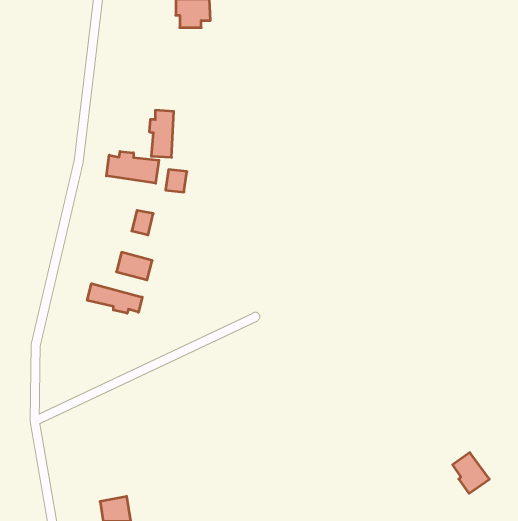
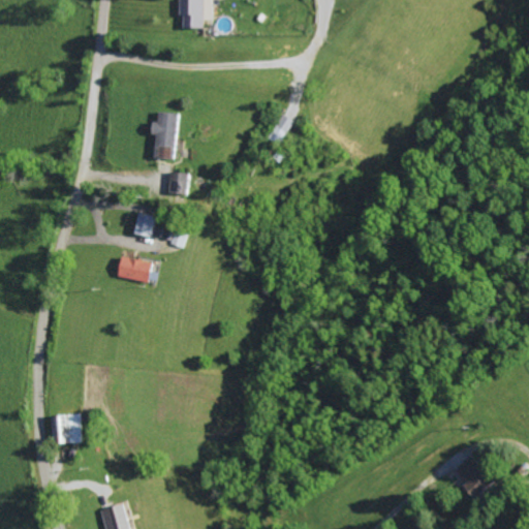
building: [106,151,159,183] -> none
building: [87,284,142,313] -> none
building: none -> [51,414,81,443]

